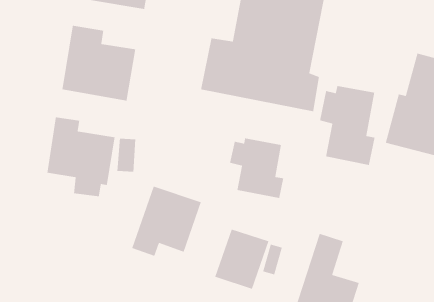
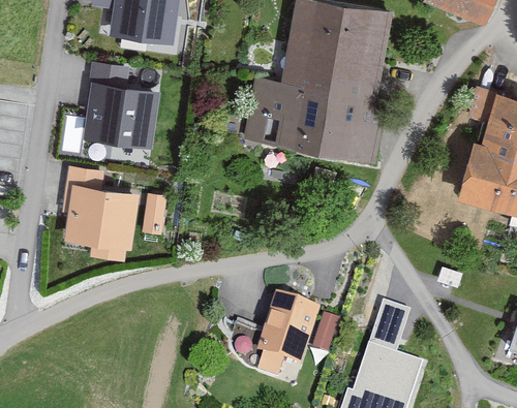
building: [319,85,375,166] -> none
building: [229,138,284,199] -> none
building: [131,186,202,257] -> none

